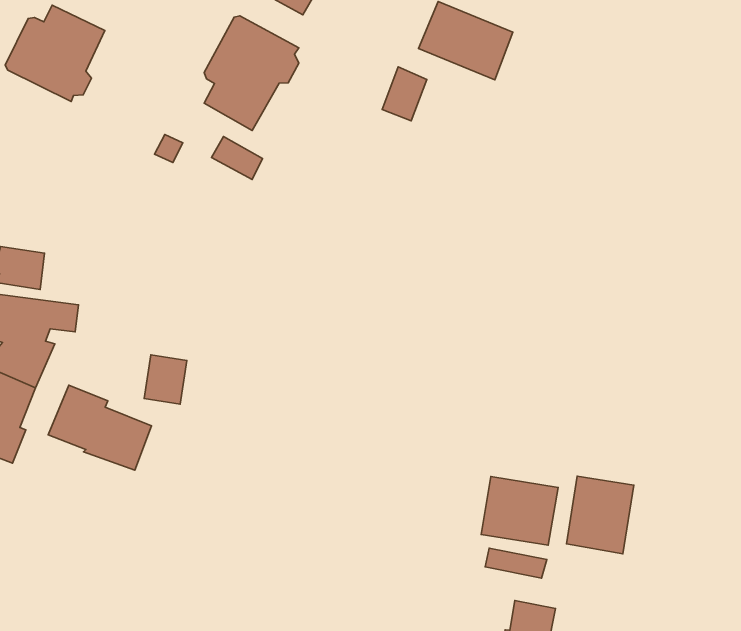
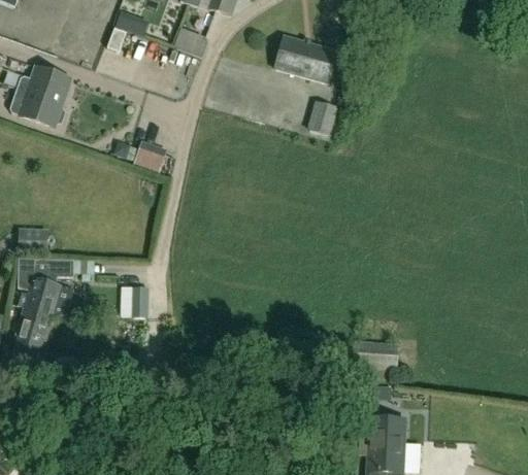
building: [204,16,299,131] -> none
building: [382,67,427,121] -> [310,100,337,134]
building: [48,385,151,470] -> none
building: [567,476,634,554] -> none

